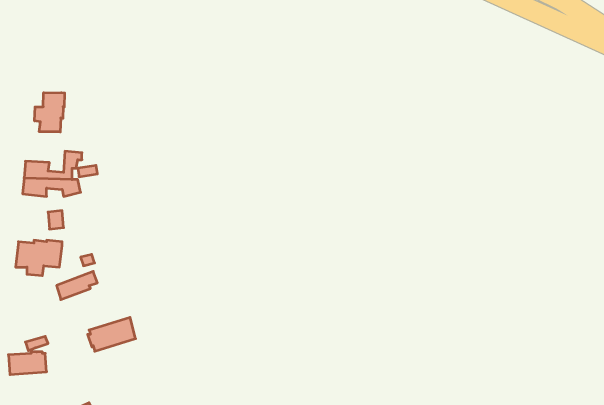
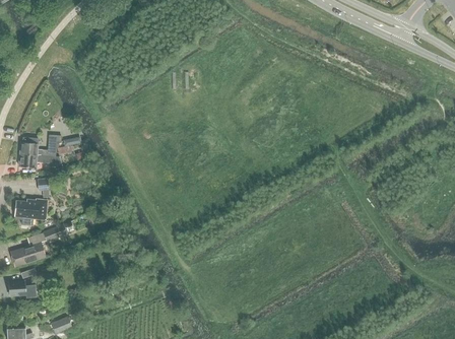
building: [35,93,65,132] -> none
building: [88,317,136,351] -> [9,243,44,267]

